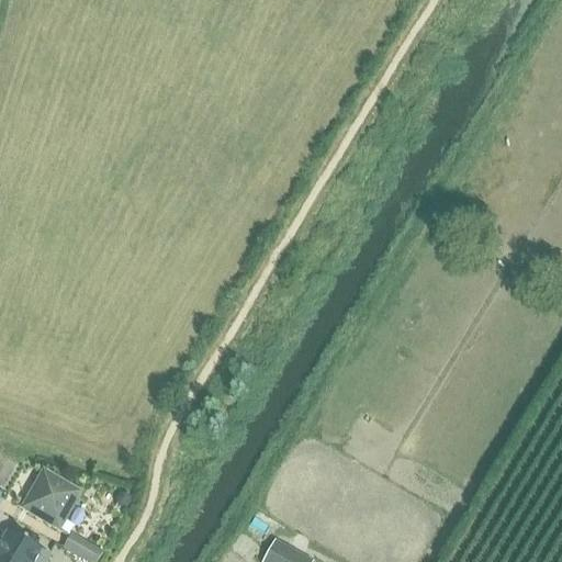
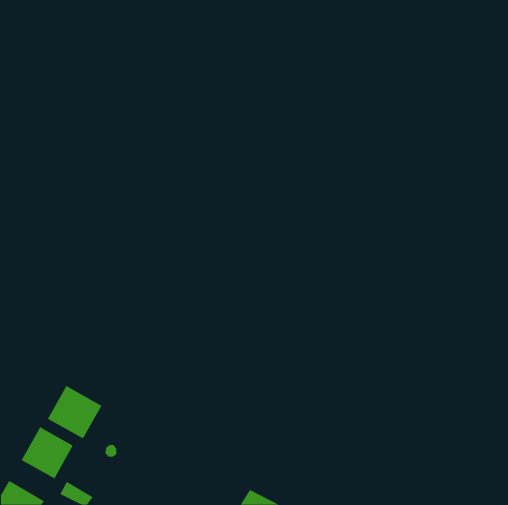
building: none -> [47,385,102,439]

